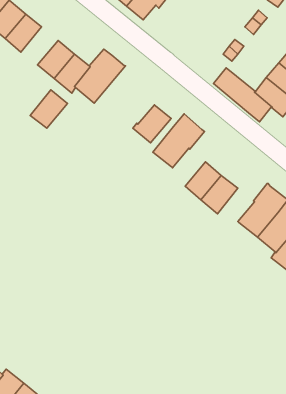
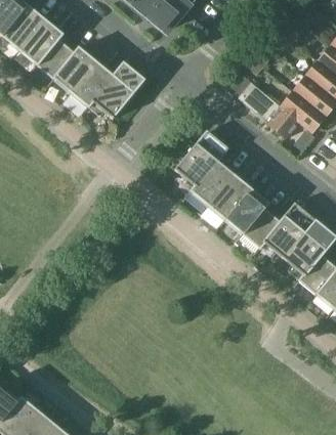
building: [30,90,67,128] -> [36,38,75,78]
building: [133,105,171,143] -> [190,165,229,205]
building: none -> [242,207,281,248]

